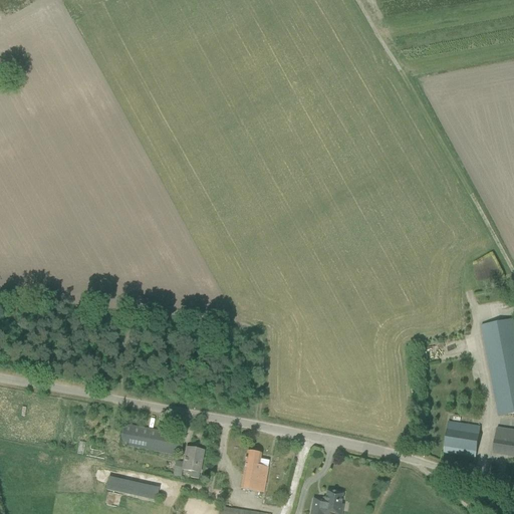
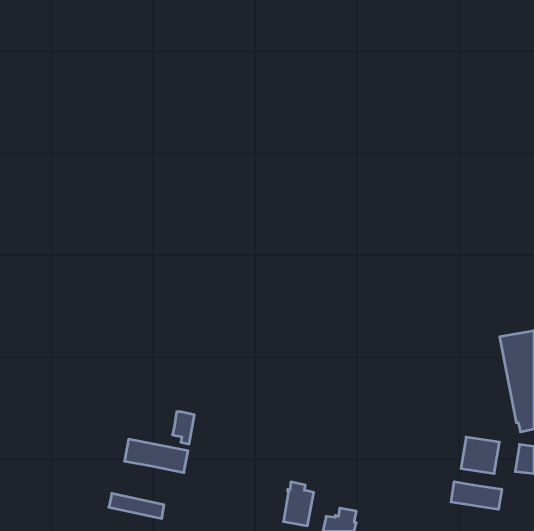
building: [182,447,203,478] -> [172,412,194,444]
building: [240,450,269,492] -> [283,482,314,526]
building: none -> [451,482,502,509]

